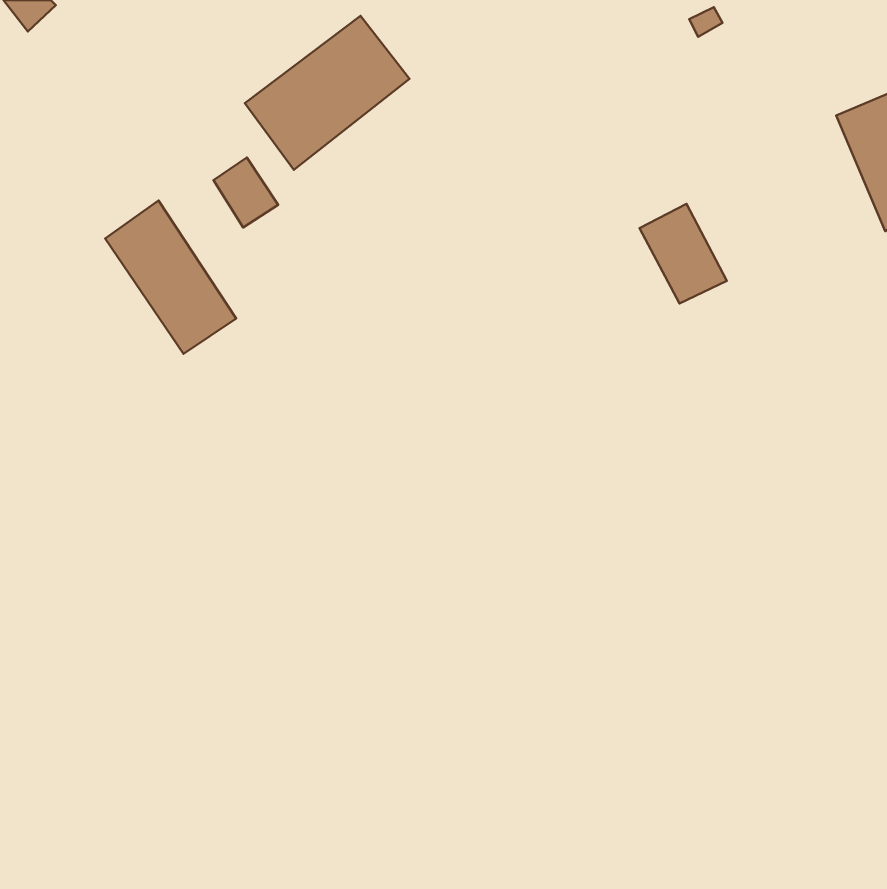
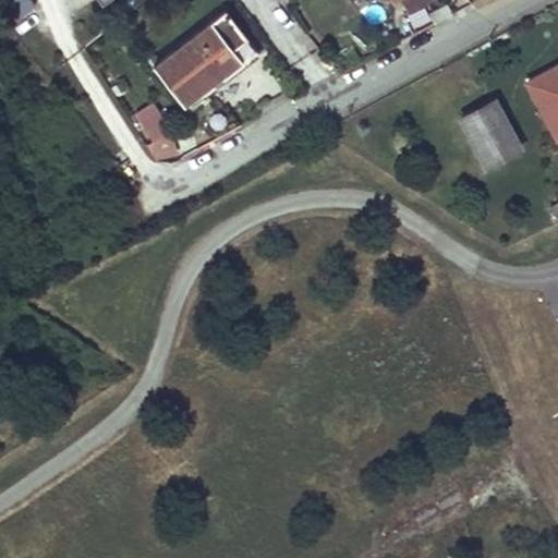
building: [105,201,236,354] -> none
building: [639,204,727,303] -> [464,105,519,167]

